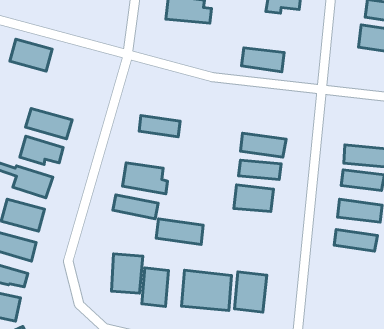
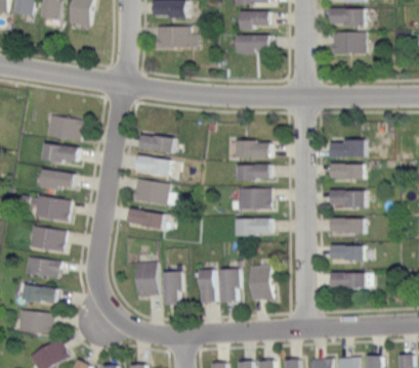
building: [10,39,52,71] -> [44,114,81,140]
building: [242,48,284,72] -> [236,35,273,52]
building: none -> [134,155,174,175]
building: [156,219,203,244] -> [234,218,275,236]
building: none -> [330,245,367,261]
building: none -> [330,272,370,287]

